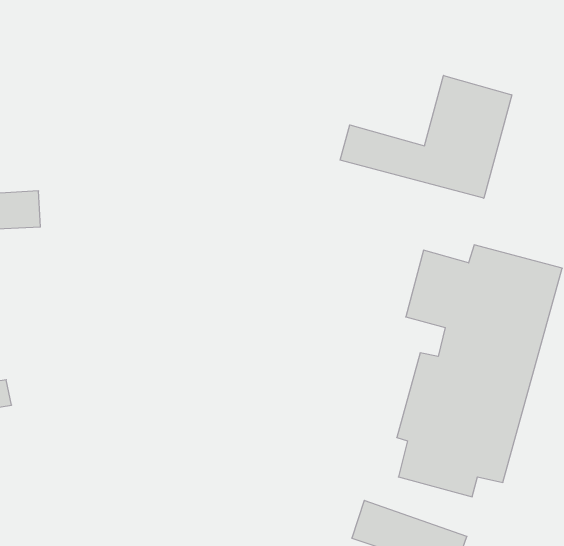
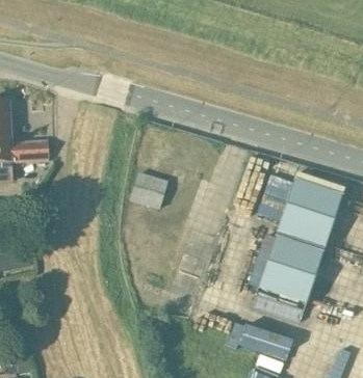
building: [340,75,512,198] -> none
building: none -> [128,170,166,209]

